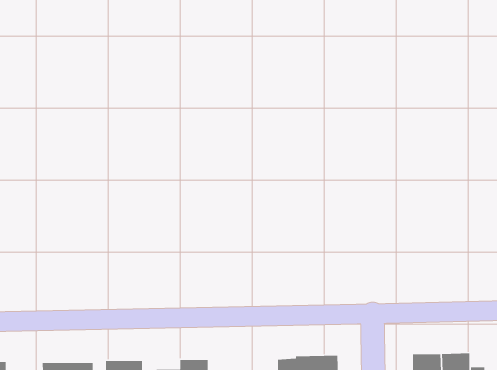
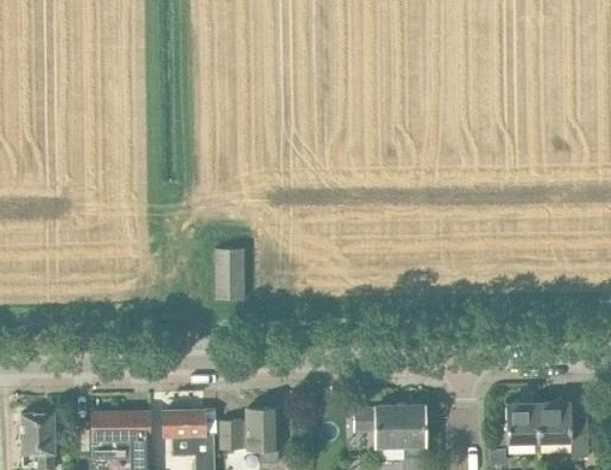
building: none -> [215,249,244,299]

